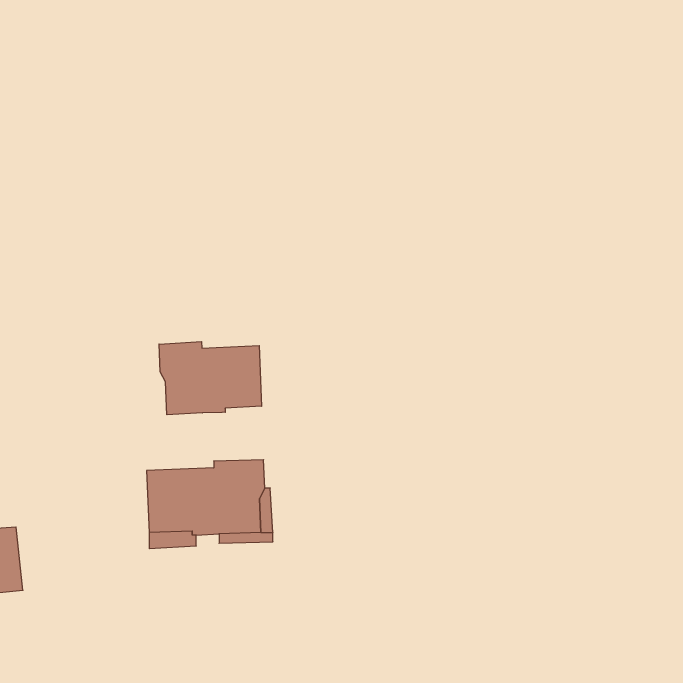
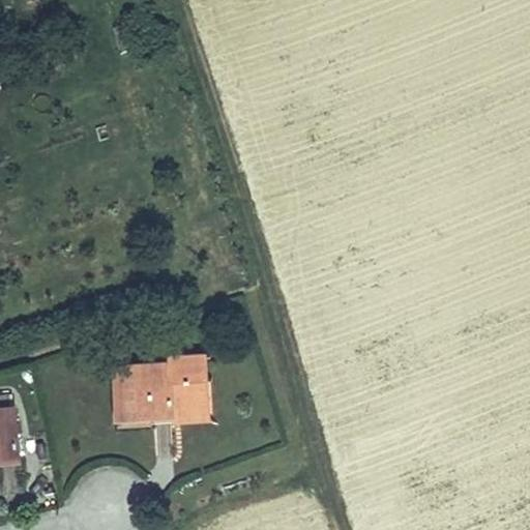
building: [159,342,262,415] -> none

